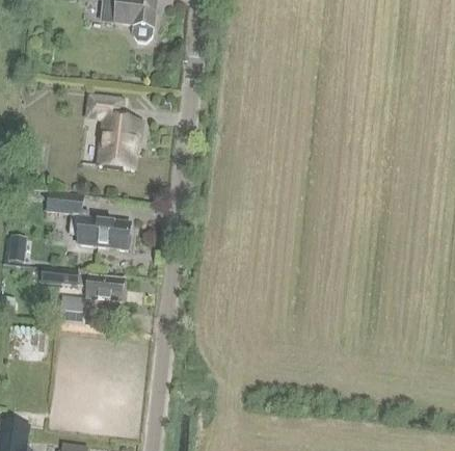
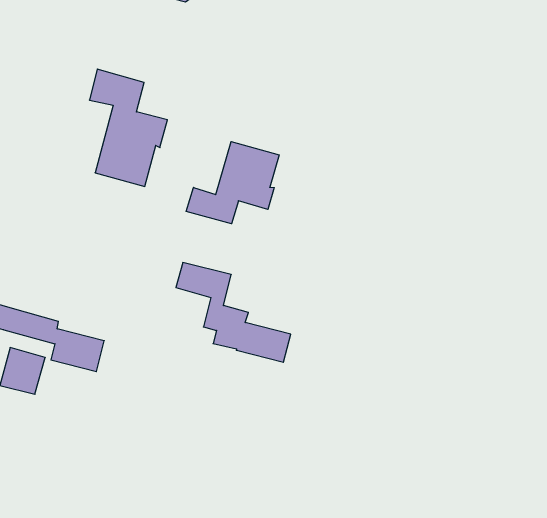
building: none -> [186,142,279,224]
building: [47,192,130,249] -> [176,263,291,362]

